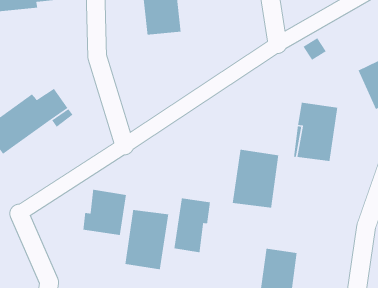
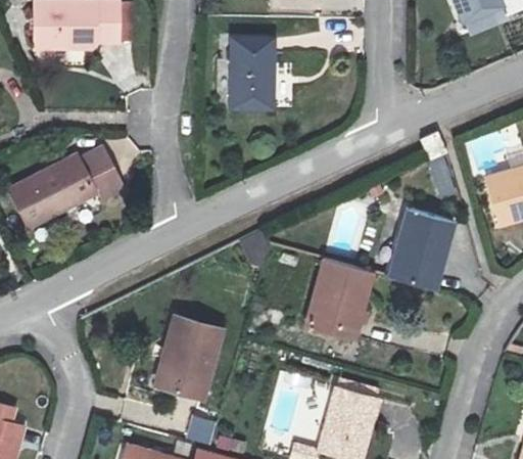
building: [82,189,127,236] -> none
building: [173,197,211,253] -> none

